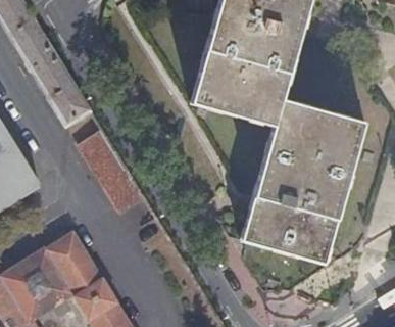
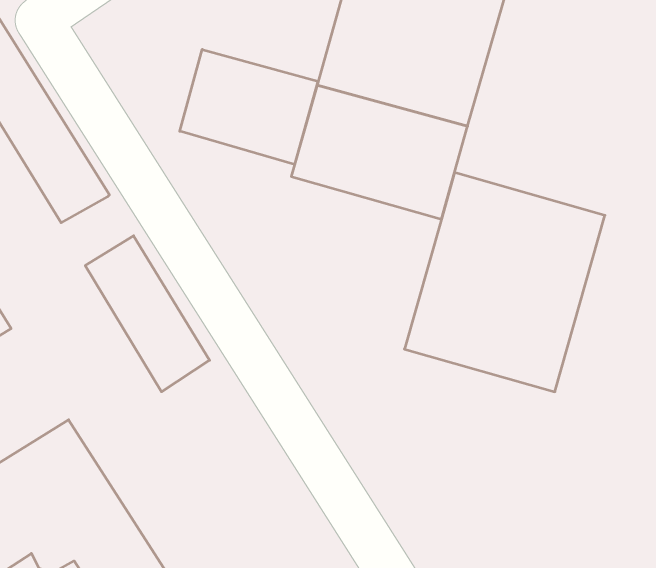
building: none -> [180,49,318,164]
building: [242,195,337,262] -> none

